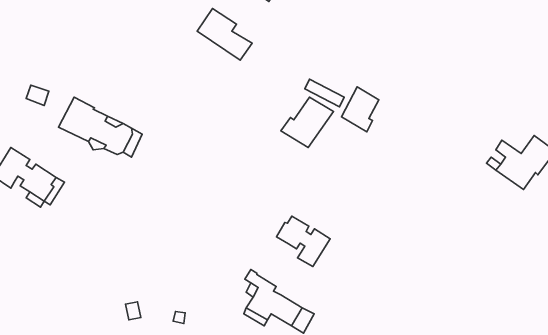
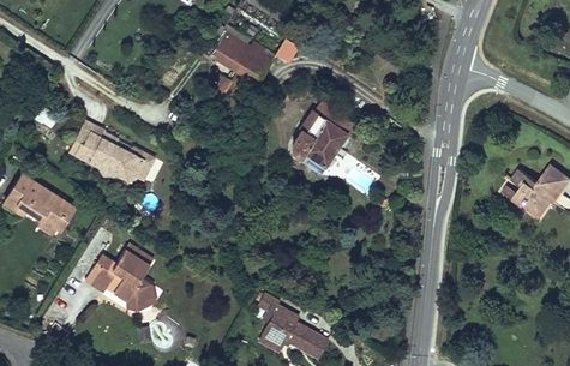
building: [342,87,379,132] -> none
building: [276,216,330,267] -> none
building: none -> [85,244,157,312]

